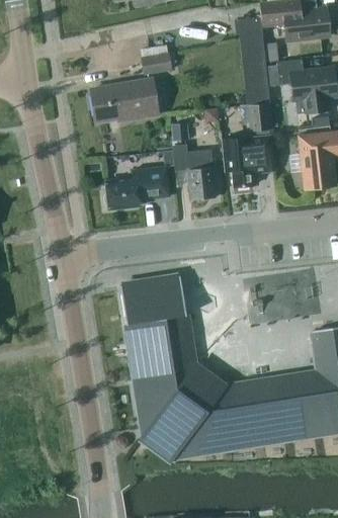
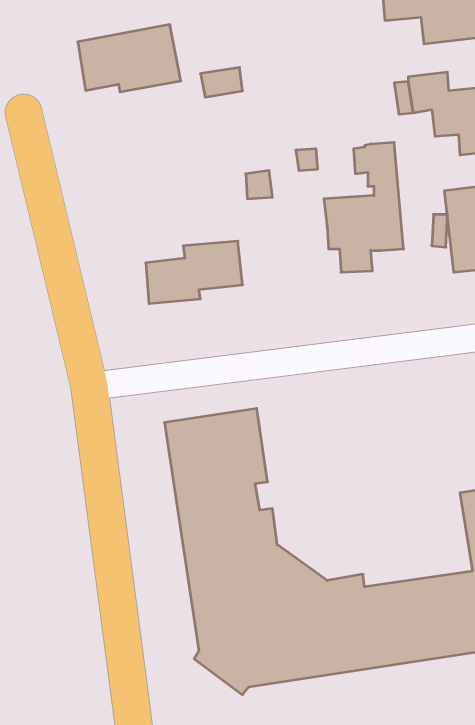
building: [239,16,270,103] -> none
building: [91,79,158,122] -> [78,25,181,92]
building: [173,145,217,200] -> none

